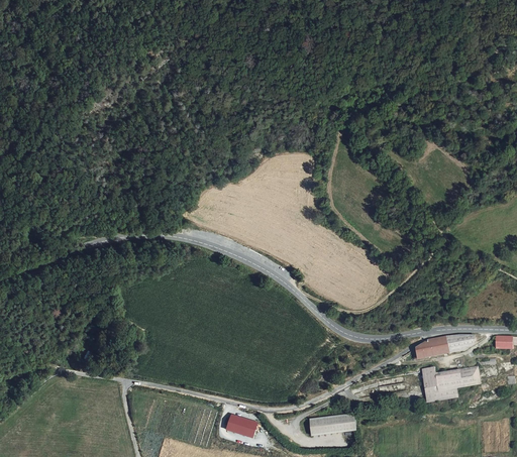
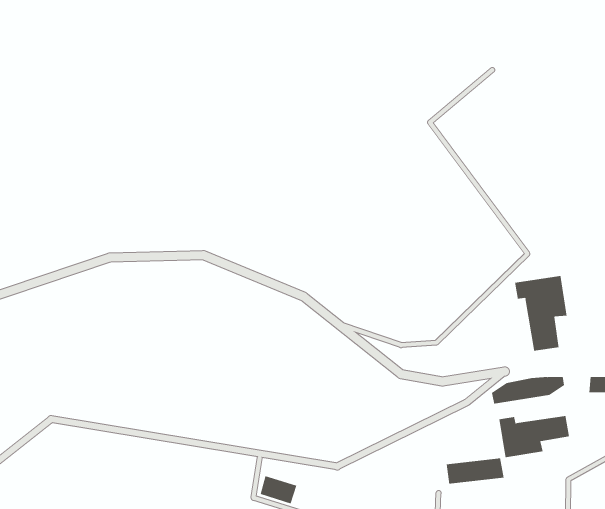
building: none -> [515,275,567,352]
building: [310,414,357,435] -> [446,458,505,484]

